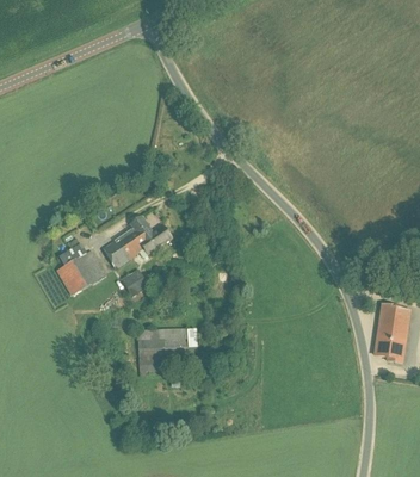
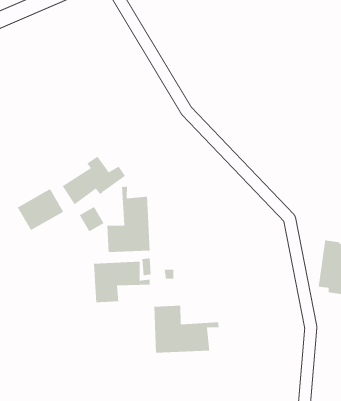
building: none -> [107,186,150,253]
building: none -> [154,305,219,354]

